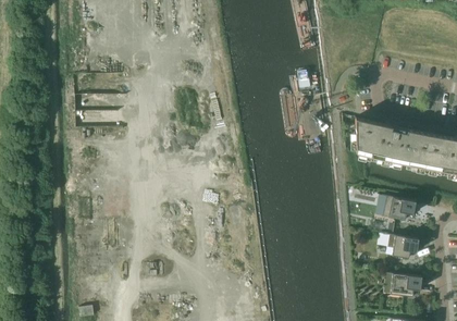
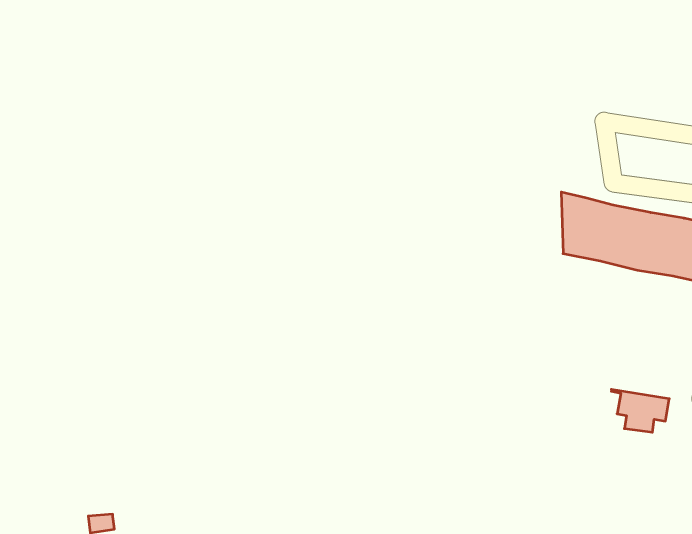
building: [382,194,416,220] -> none
building: [384,271,422,295] -> none

